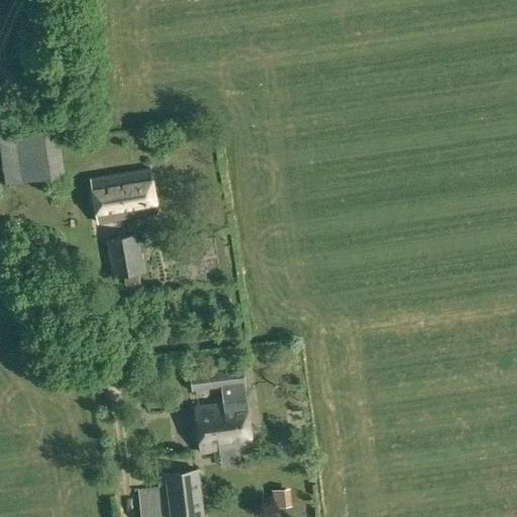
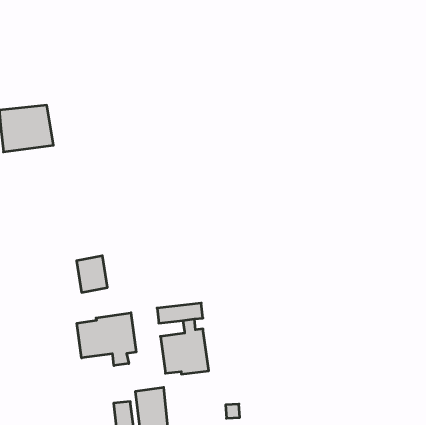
building: [91,171,156,224] -> none
building: [106,235,143,280] -> [77,256,107,292]
building: none -> [77,313,136,366]

